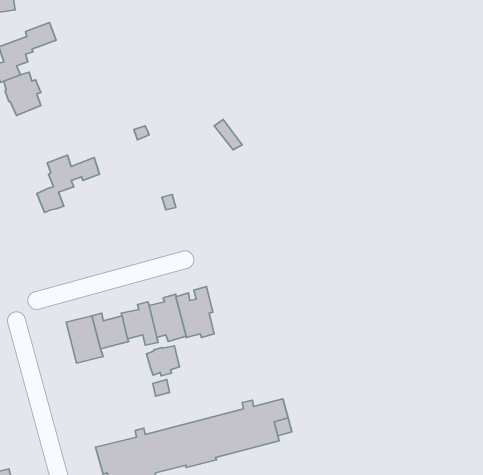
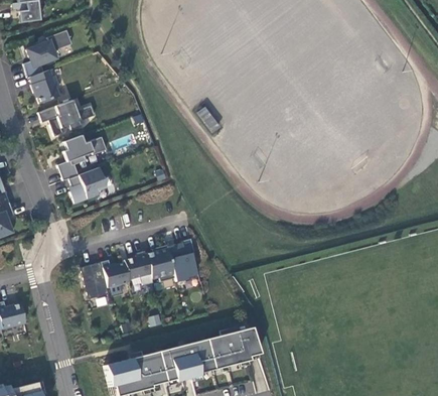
building: none -> [37,100,95,136]
building: none -> [67,167,105,204]
building: [147,346,180,376] -> none

